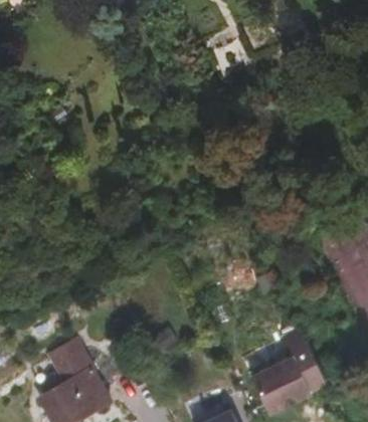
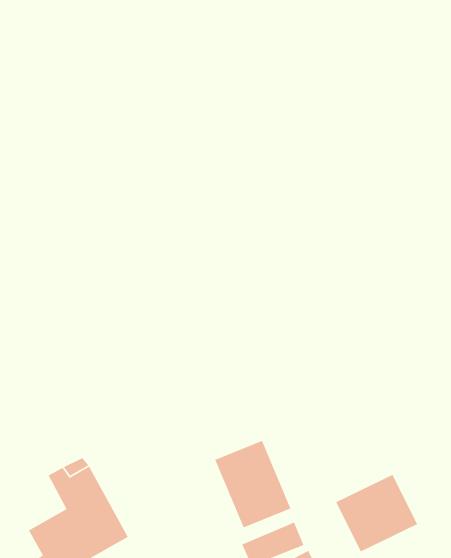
building: none -> [214,440,292,529]

